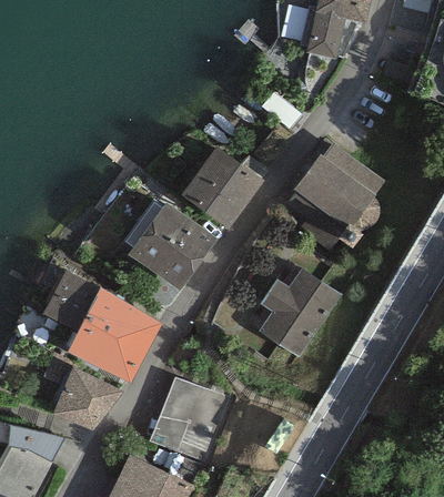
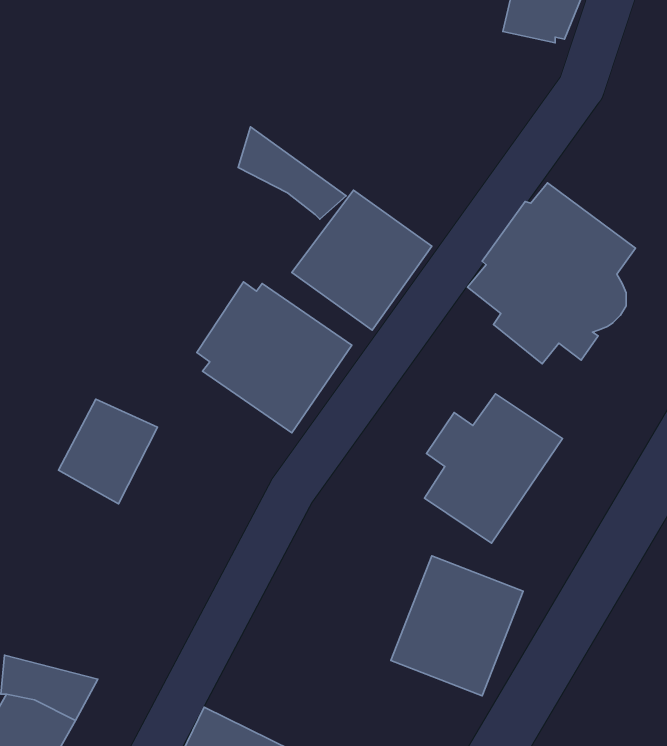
building: none -> [238,127,346,219]
building: [67,287,161,382] -> none
building: [52,365,123,430] -> none
building: [149,377,228,460] -> [391,556,523,696]

